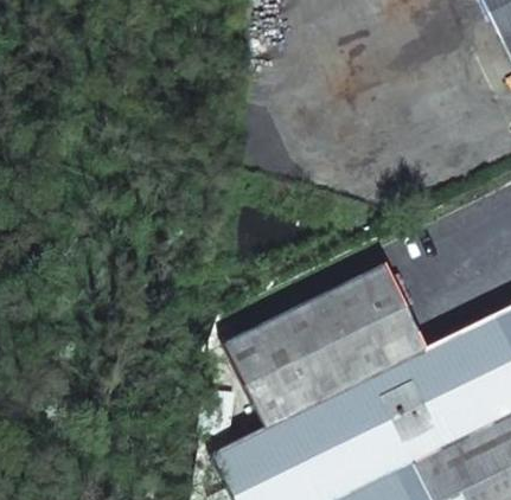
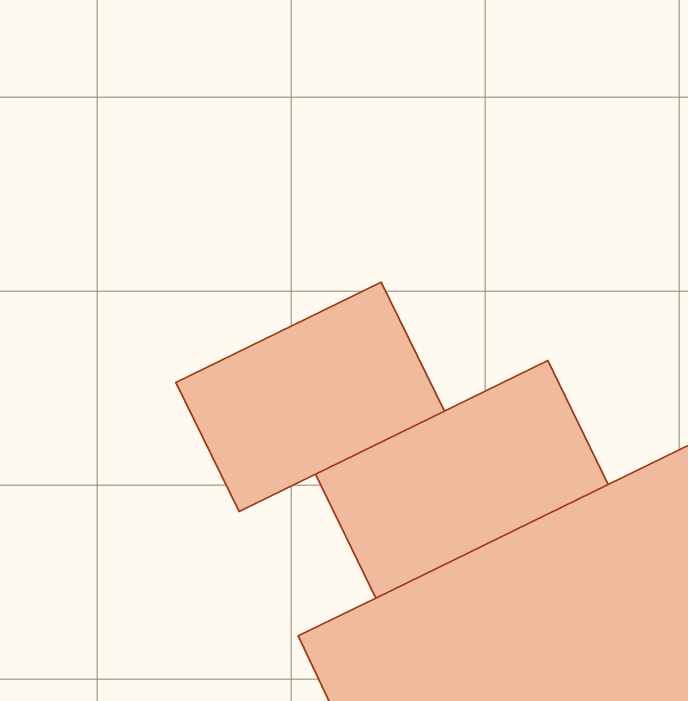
building: none -> [176,282,444,511]

